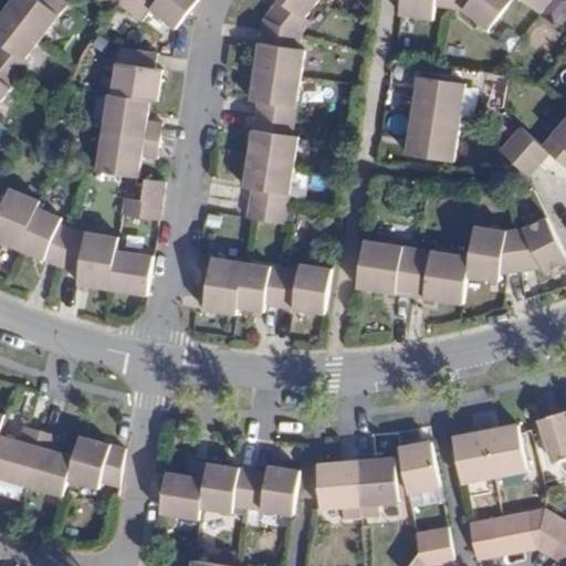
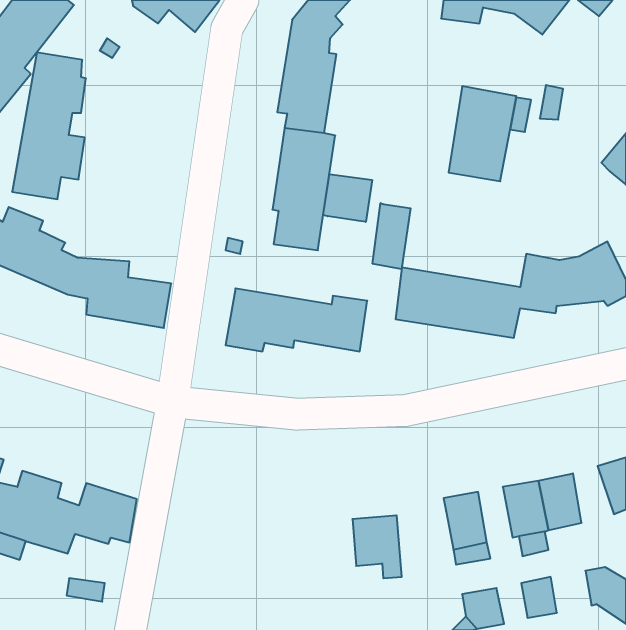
building: [94,45,160,177] -> [12,52,86,199]
building: [497,127,547,177] -> none
building: none -> [323,174,372,222]
building: [119,178,163,220] -> none
building: none -> [373,203,411,269]
building: [356,459,398,517] -> none
building: [157,461,298,518] -> none
building: [494,512,531,549] -> none

